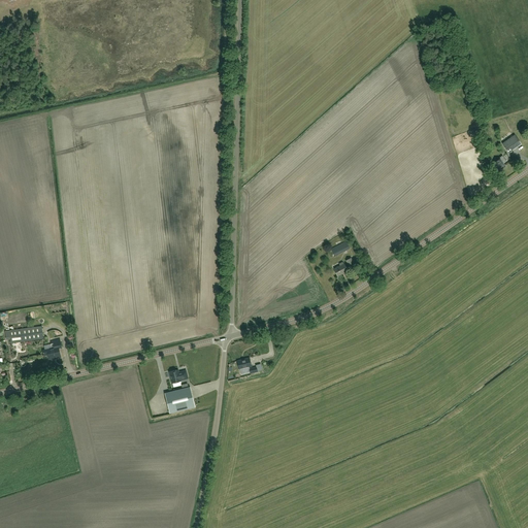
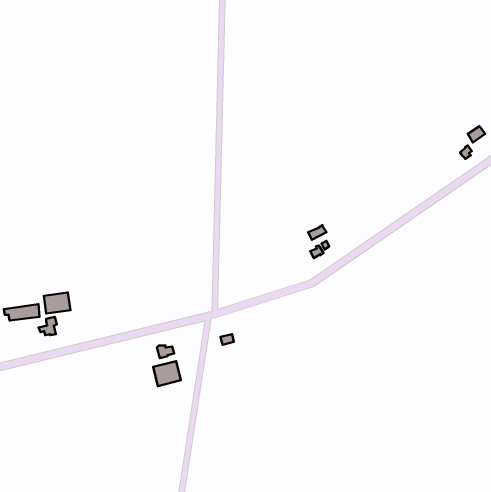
building: none -> [44,292,70,314]

